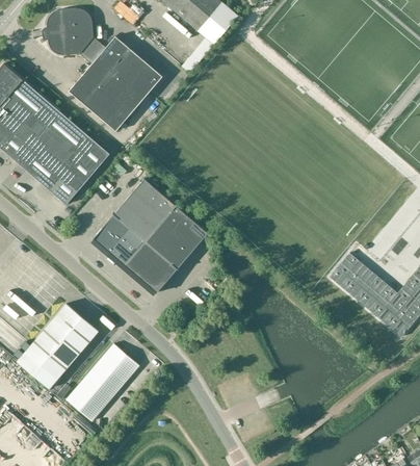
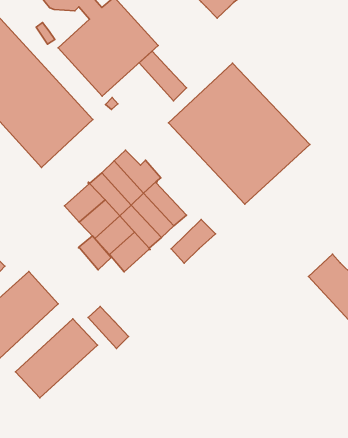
building: none -> [139,51,186,101]
building: none -> [169,63,310,204]
building: none -> [171,220,215,263]
building: none -> [78,236,111,270]
building: none -> [88,307,129,348]

